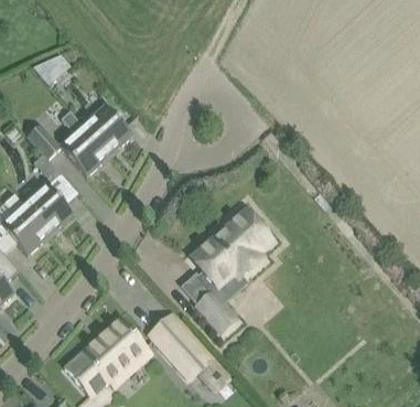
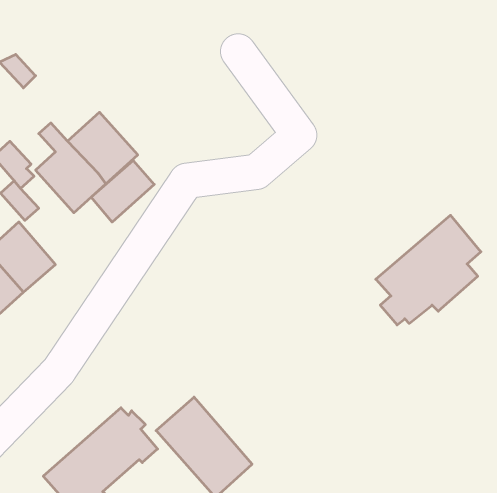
building: none -> [91,161,154,222]
building: [193,212,269,291] -> [376,215,481,325]
building: [198,293,234,331] -> none

